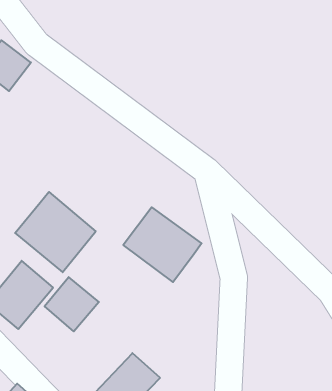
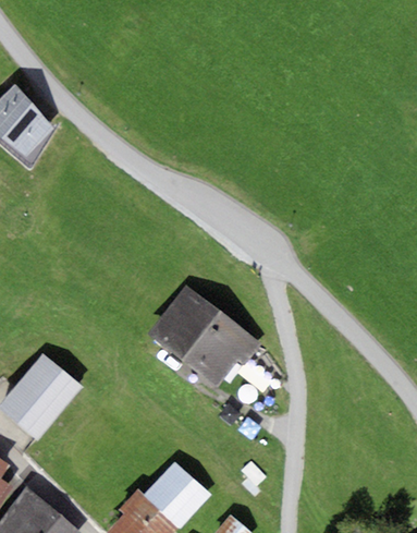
building: [15,192,96,272] -> none
building: [45,277,99,331] -> none

